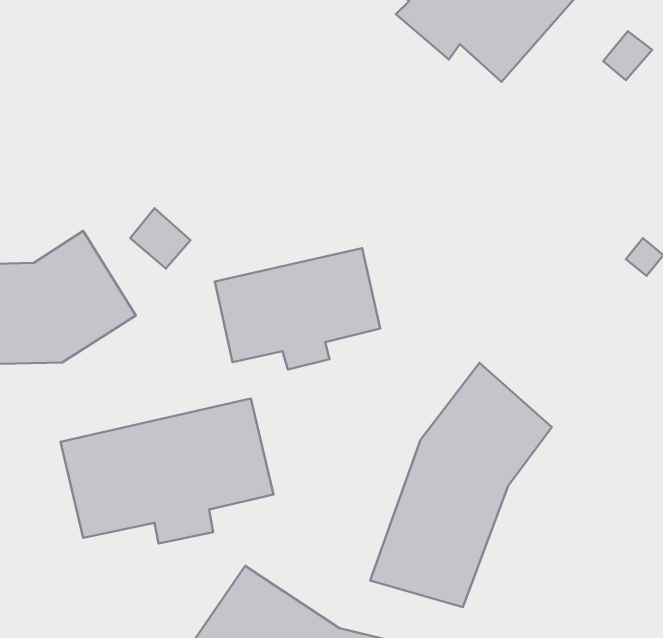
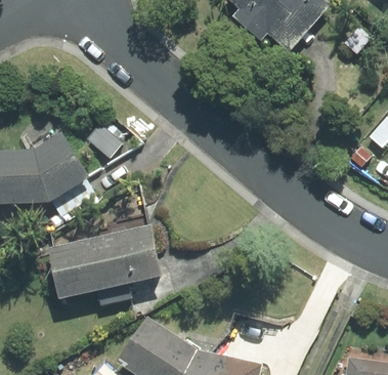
building: [215,248,380,370] -> none
building: [370,363,552,607] -> none

